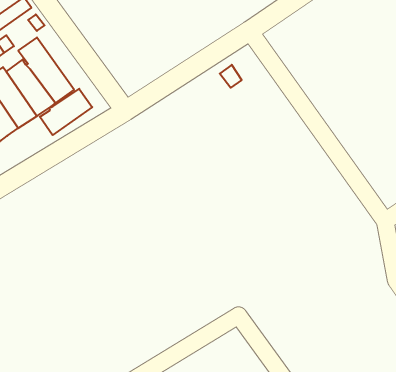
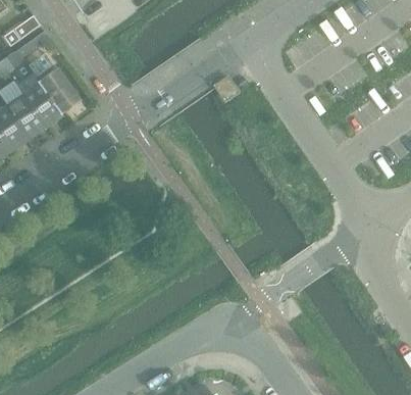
building: [40,89,92,135] -> none

